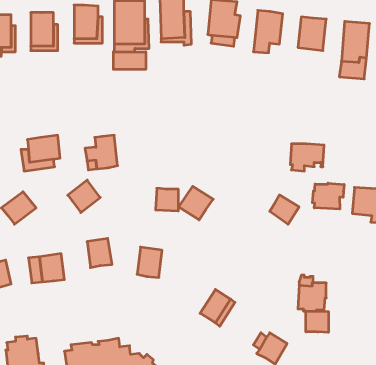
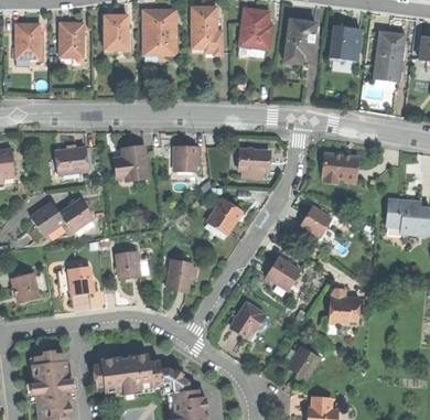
building: [113,52,146,69] -> none
building: none -> [238,149,267,179]
building: [68,180,100,213] -> [60,198,93,231]
building: [312,183,344,209] -> none
building: [156,188,178,211] -> [172,144,195,168]
building: none -> [265,256,300,290]
building: [306,311,328,332] -> none

